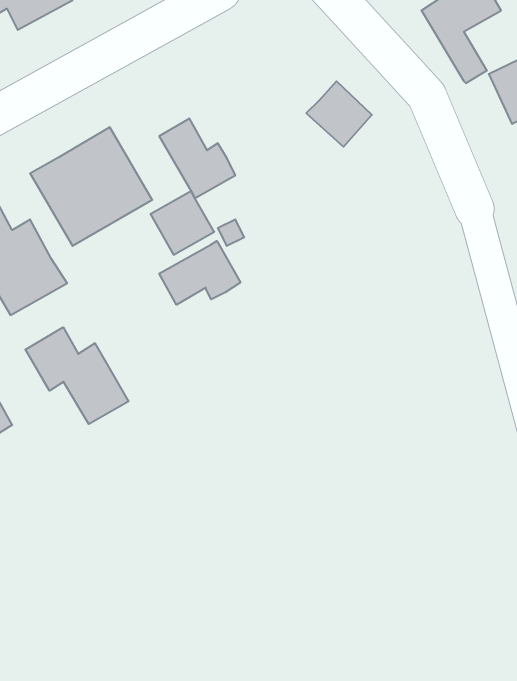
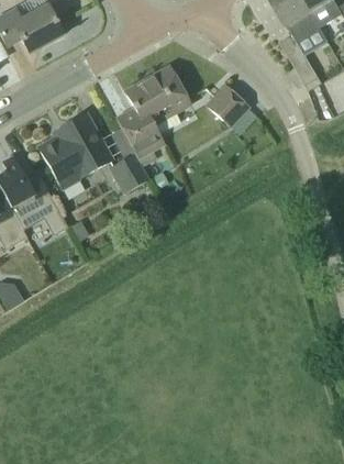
building: none -> [126,67,190,128]
building: [159,241,240,305] -> none
building: [25,327,129,424] -> none

